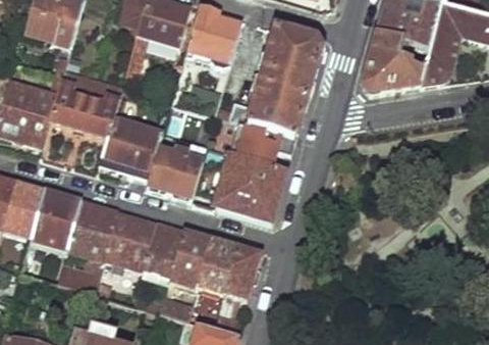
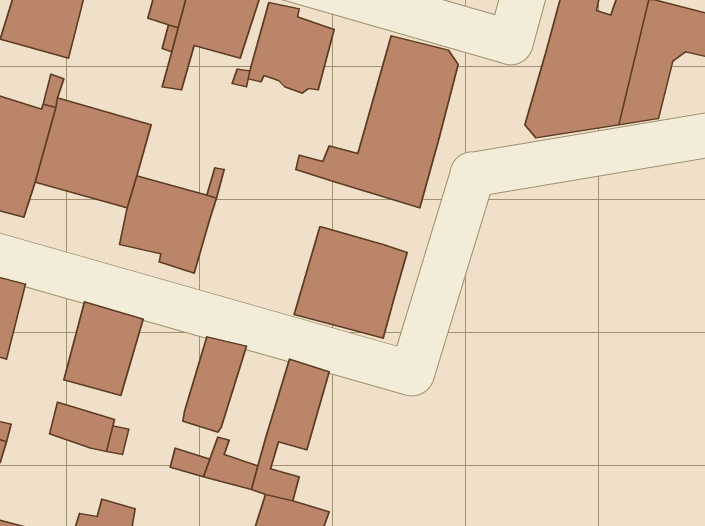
building: [231,122,294,162] -> none
building: [148,145,202,201] -> none
building: [30,188,79,249] -> none
building: [103,210,158,269] -> none
building: [167,228,211,287] -> none
building: [213,244,262,334] -> none

